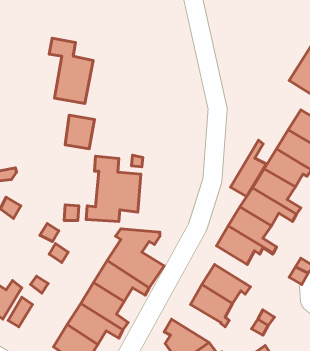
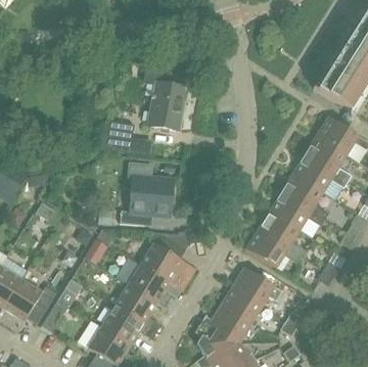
building: [49,38,93,103] -> [143,65,186,129]
building: [231,140,266,197] -> none
building: none -> [202,306,250,342]

